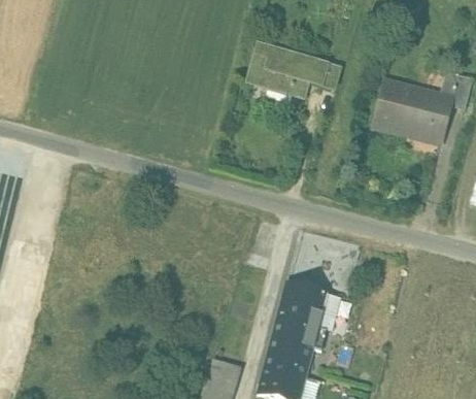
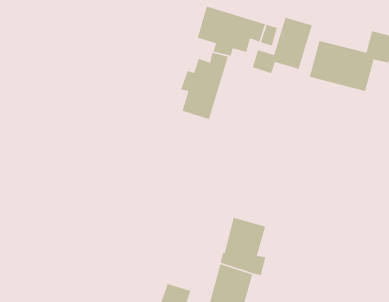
building: none -> [252,17,313,74]
building: none -> [180,52,229,120]

